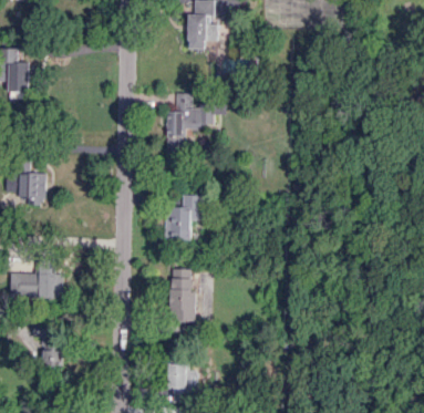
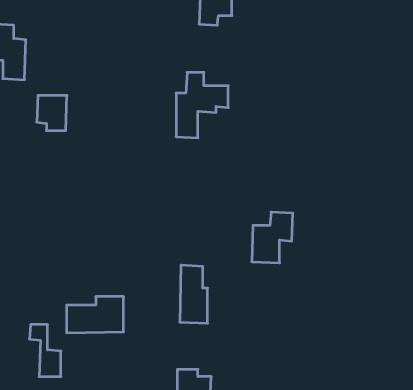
building: [18,173,45,205] -> [37,95,67,131]
building: [165,194,203,240] -> [252,212,293,263]
building: [10,265,62,298] -> [67,297,124,333]

